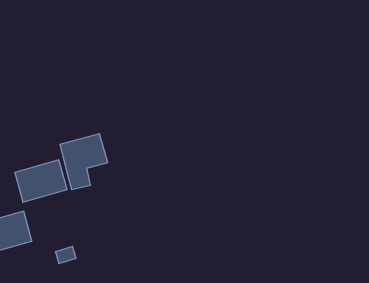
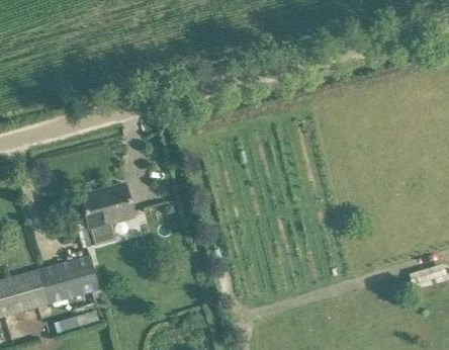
building: [15,160,67,202] -> [40,255,99,302]

